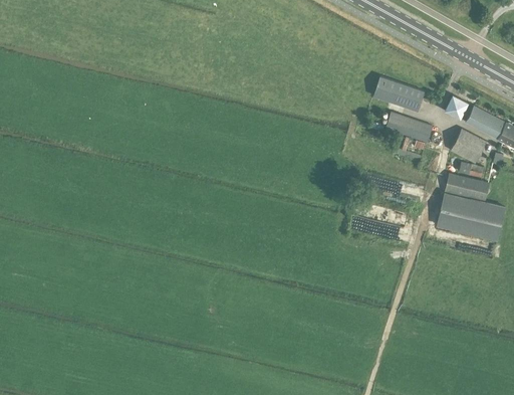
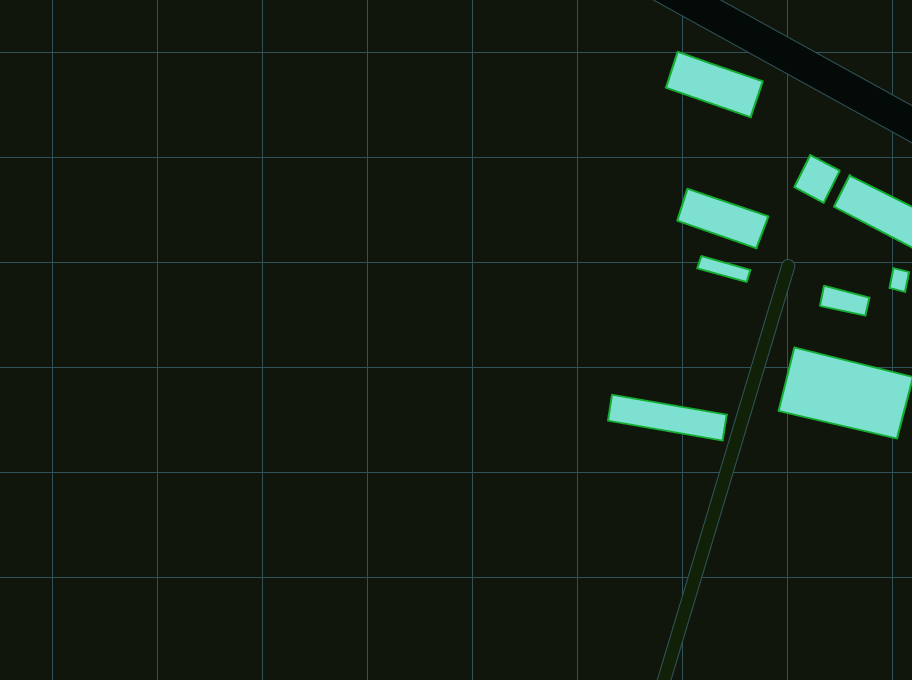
building: [374,77,424,111] -> [666,52,763,117]
building: [451,129,487,163] -> none
building: [446,174,490,201] -> none

